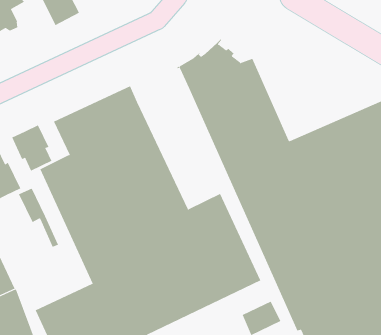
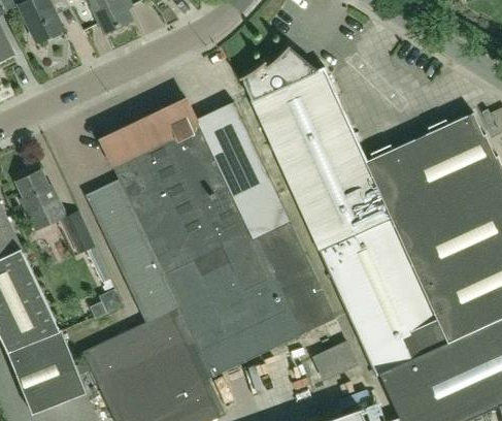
building: none -> [197,101,290,238]
building: [11,124,52,171] -> none

